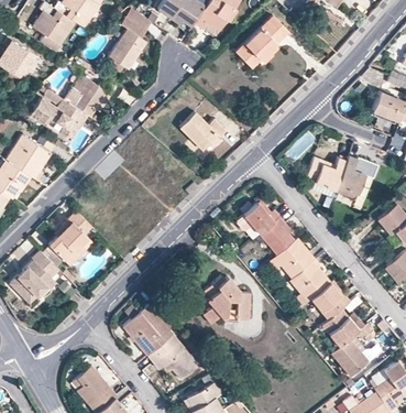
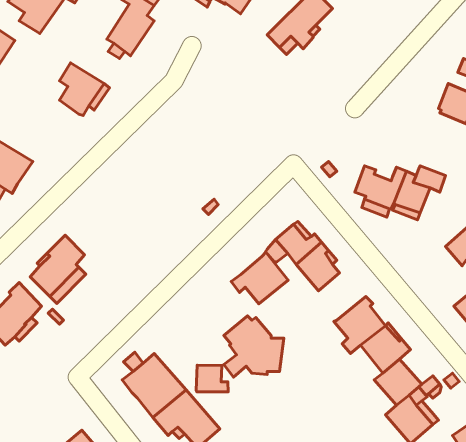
building: [32,98,88,141] -> none
building: [182,112,227,150] -> none
building: [270,238,315,279] -> [231,252,288,304]
building: none -> [196,365,228,392]

